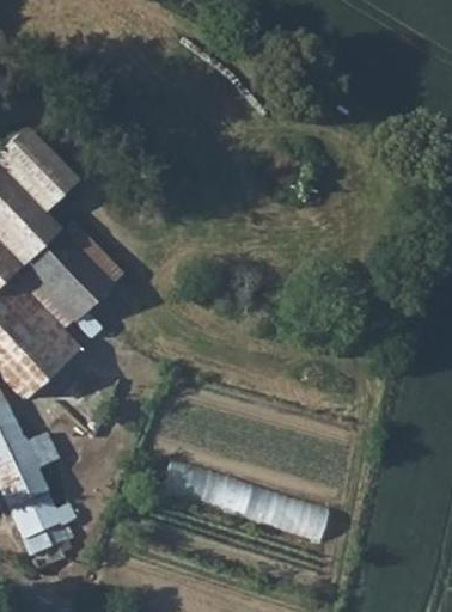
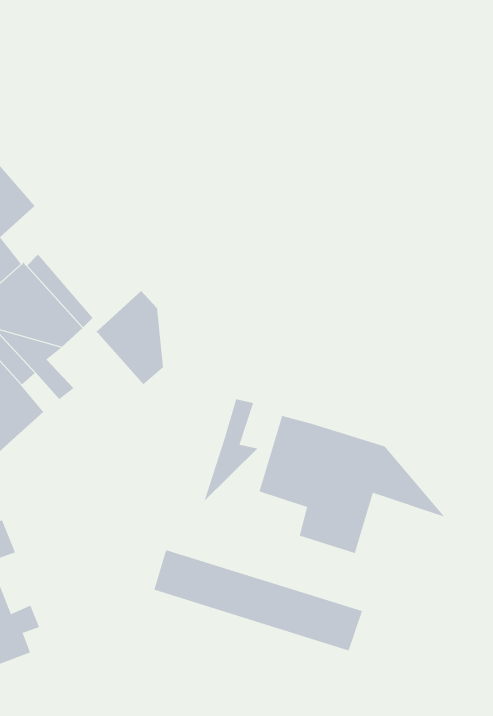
building: none -> [95,290,164,385]
building: none -> [203,398,258,503]
building: none -> [259,415,446,554]

